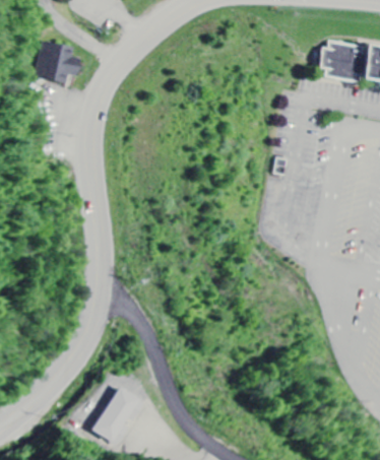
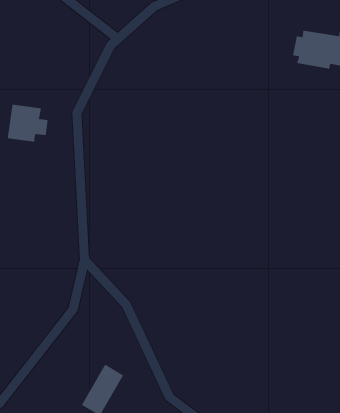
building: [38,44,81,84] -> [7,104,48,143]

